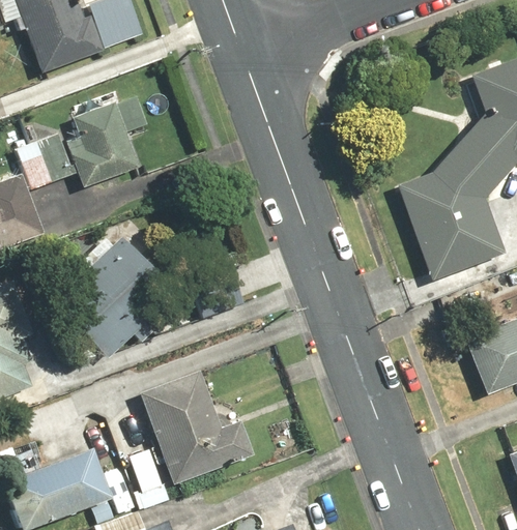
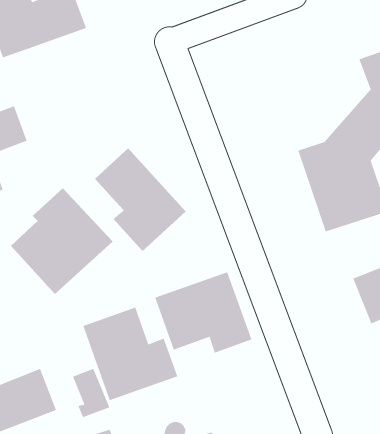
building: [64,87,148,186] -> none
building: none -> [94,148,186,252]
building: none -> [154,271,252,353]

